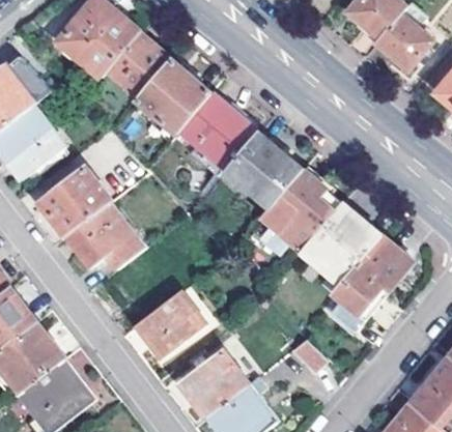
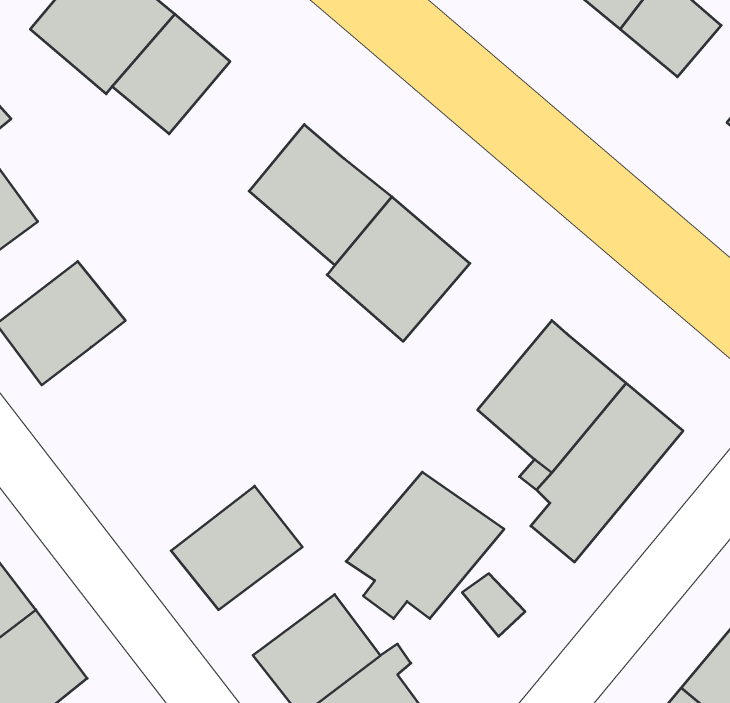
building: [133,59,207,134] -> none
building: [256,169,342,249] -> [346,472,504,619]
building: [64,200,145,267] -> none

